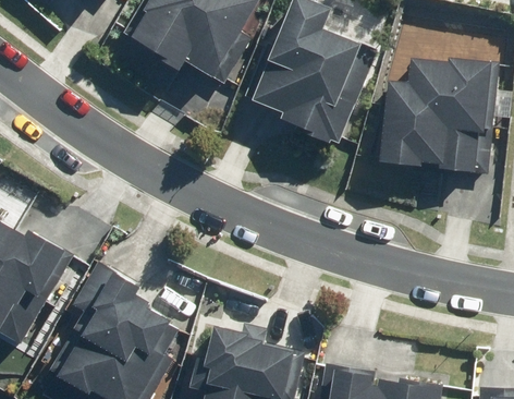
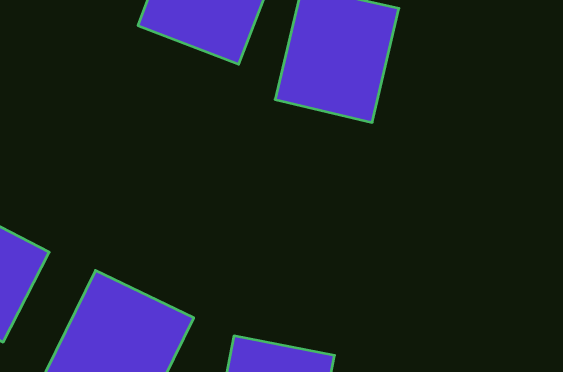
building: [388,48,497,155] -> none

